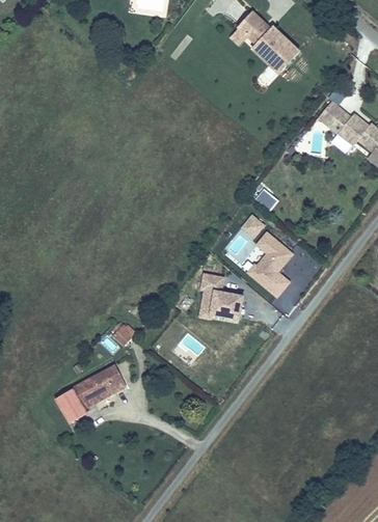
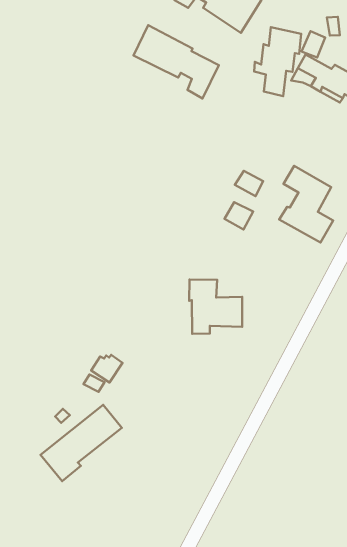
building: none -> [133,25,219,98]
building: none -> [254,27,301,96]
building: [247,231,295,299] -> [279,166,333,242]

